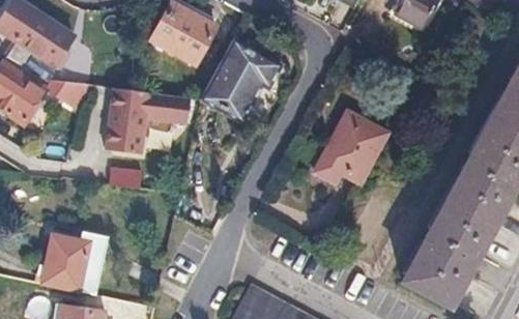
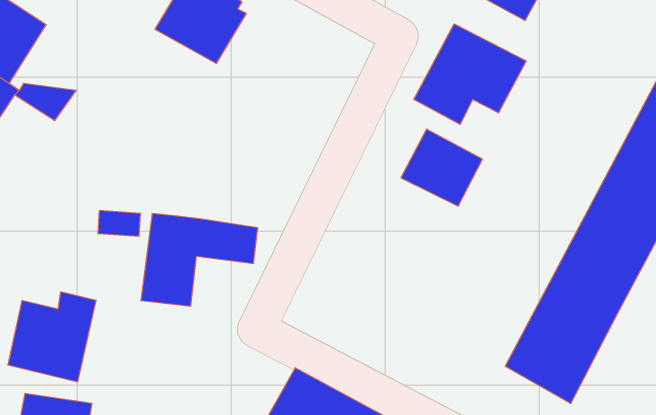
building: none -> [414,24,526,124]
building: [201,37,282,120] -> none
building: [107,85,192,152] -> [141,213,258,306]
building: [310,145,371,193] -> none

